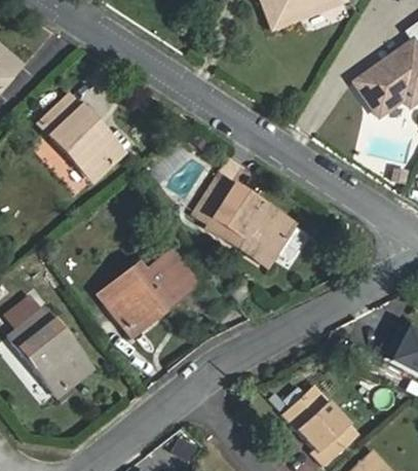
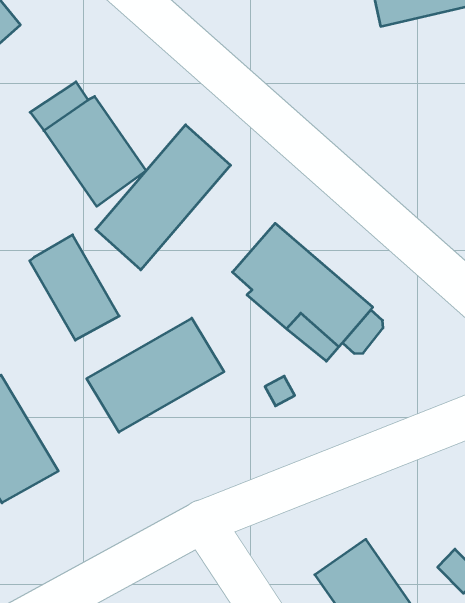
building: none -> [96,125,231,270]
building: none -> [30,235,119,340]

